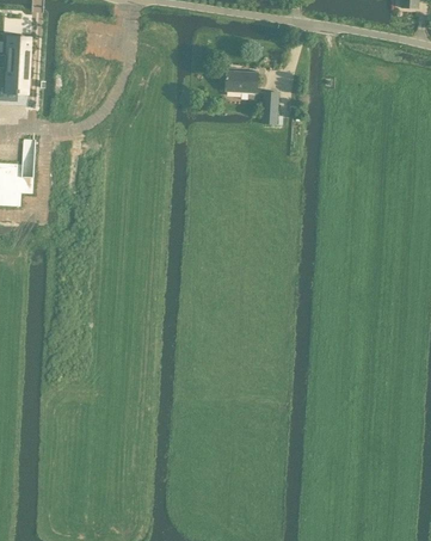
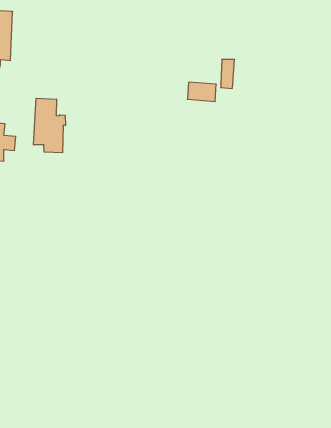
building: [227,70,259,92] -> [187,82,216,101]
building: none -> [34,98,65,153]

